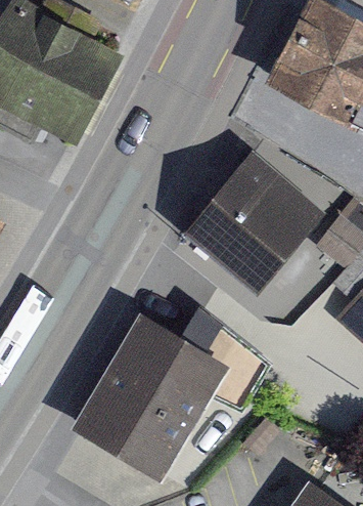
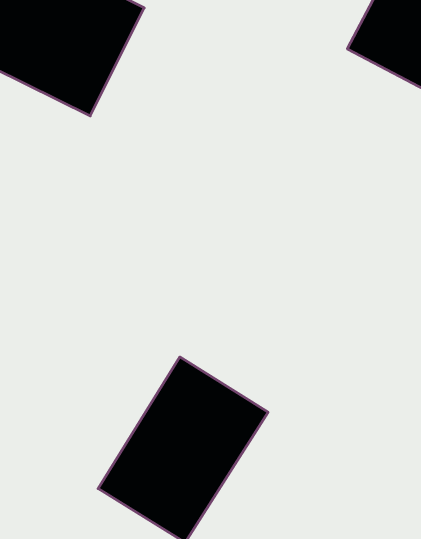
building: [186,161,323,300] -> none

